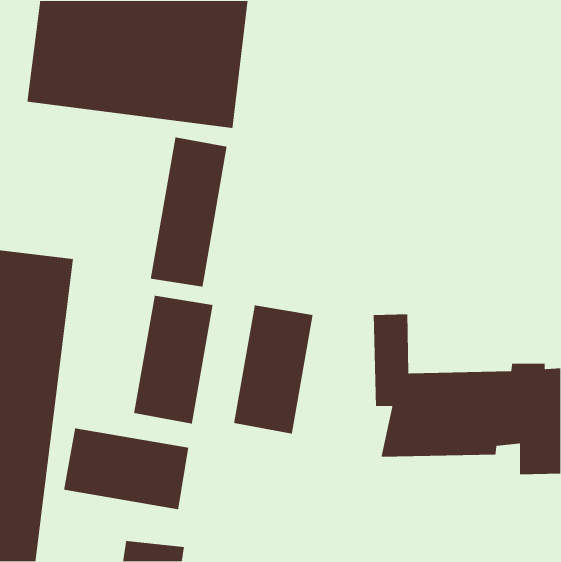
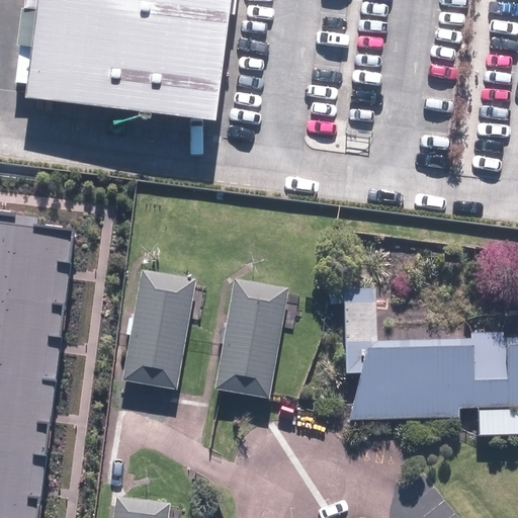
building: [150,136,227,287] -> none
building: [63,427,189,510] -> none

